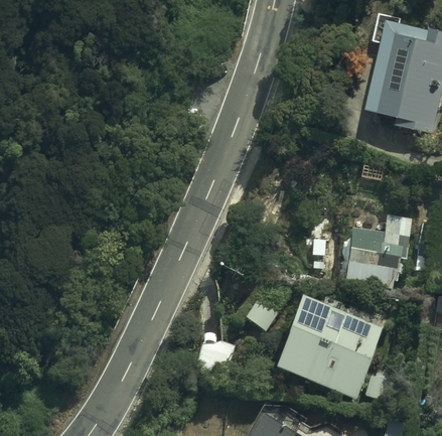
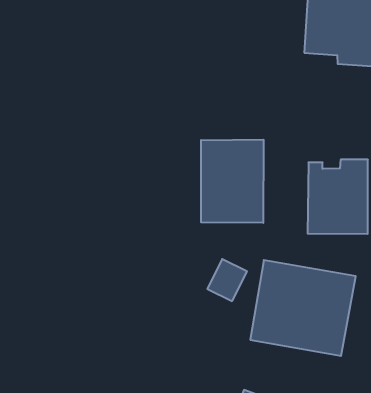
building: none -> [201,140,264,223]

